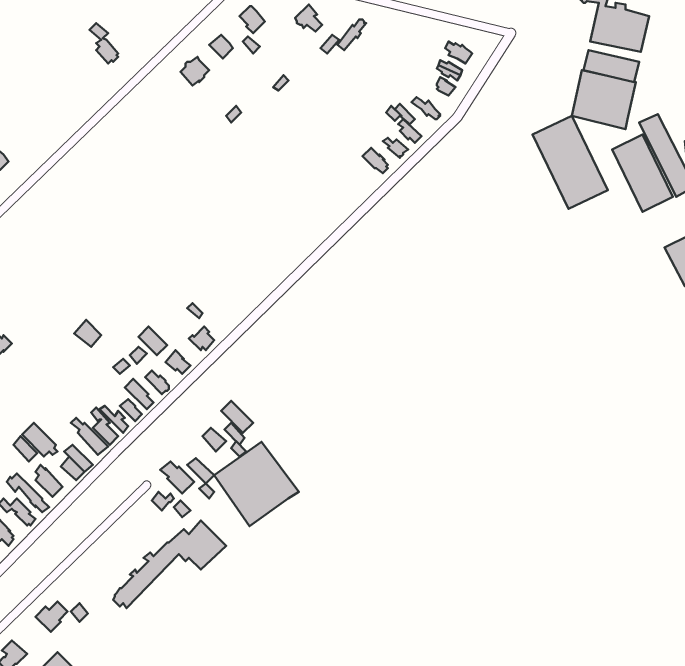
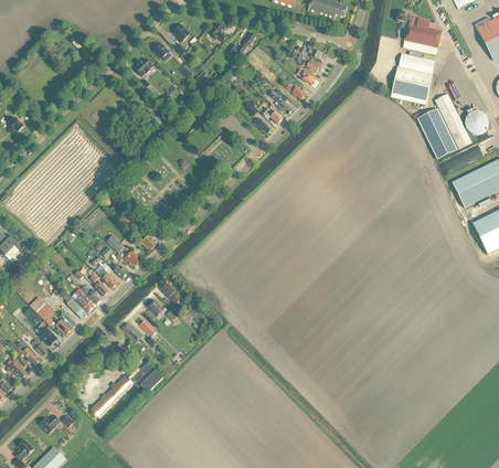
building: [532,116,608,209] -> none
building: [214,442,299,526] -> none

